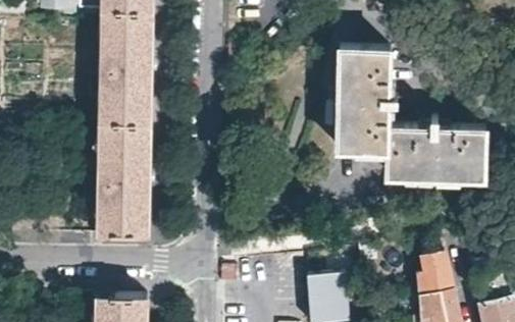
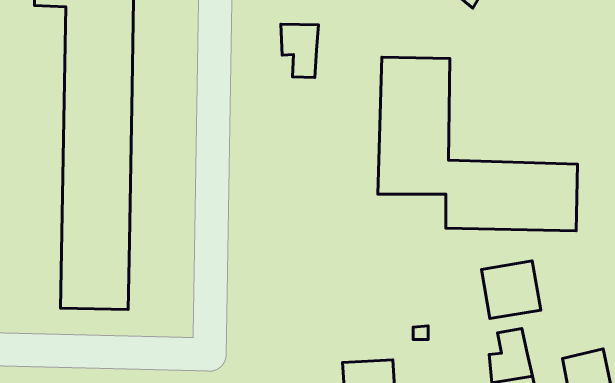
building: none -> [281,24,319,77]
building: none -> [481,261,541,319]

